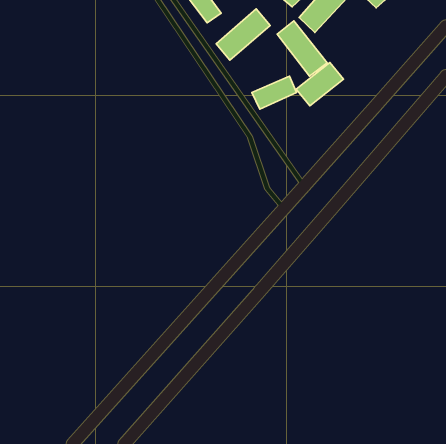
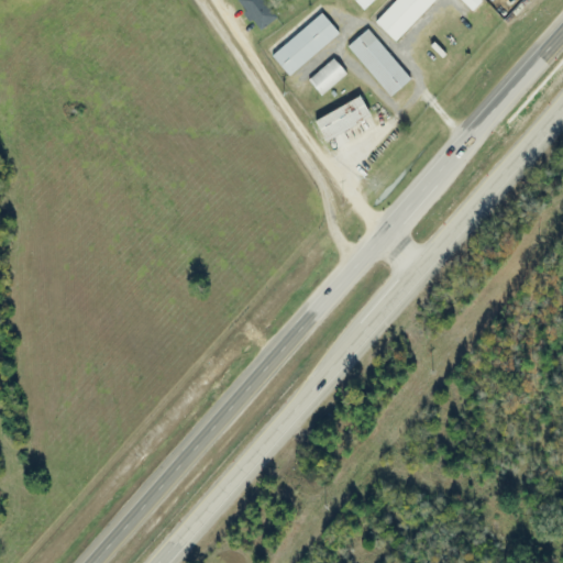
building: none -> [308,56,349,93]
building: [296,62,343,106] -> none

